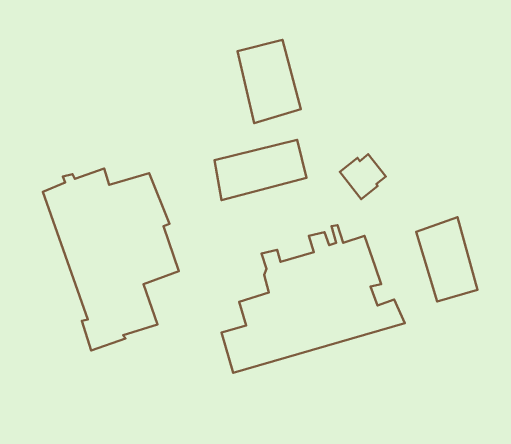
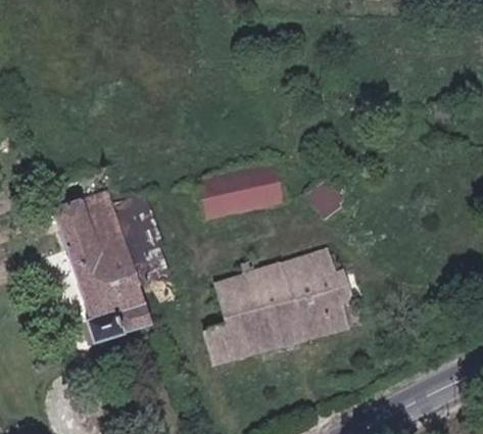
building: [237,40,301,123] -> none
building: [416,217,477,301] -> none

